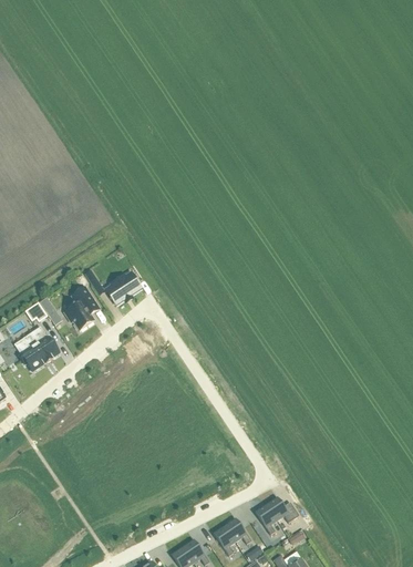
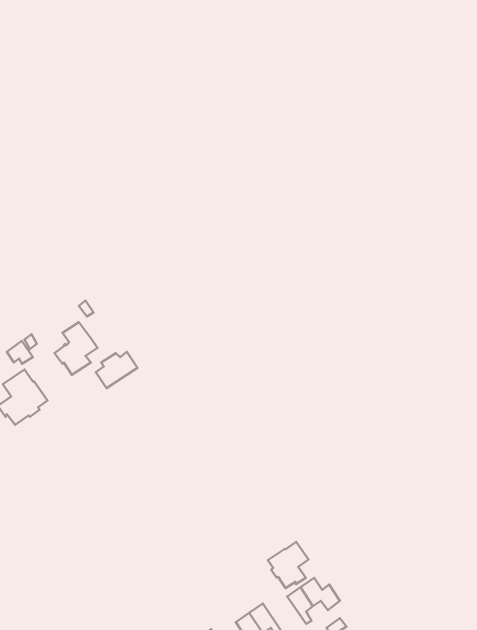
building: [106,274,141,303] -> [96,352,138,388]
building: none -> [268,542,308,588]

